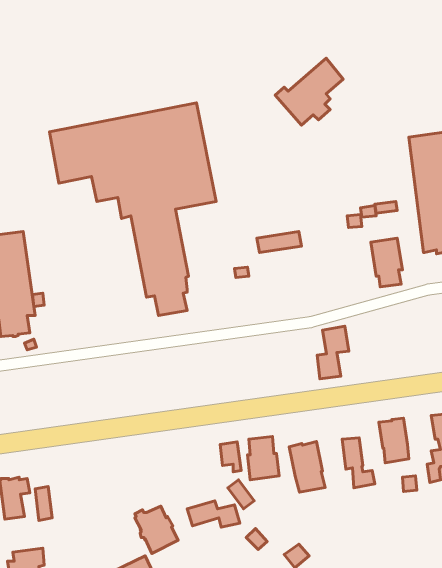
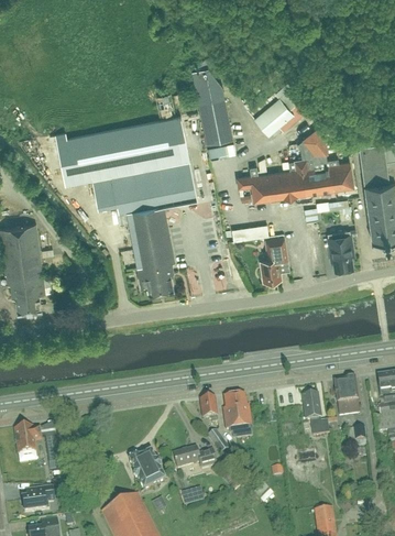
building: none -> [193,64,235,157]
building: none -> [238,129,353,200]
building: [317,326,349,379] -> [261,238,287,282]
building: [289,442,325,492] -> none

